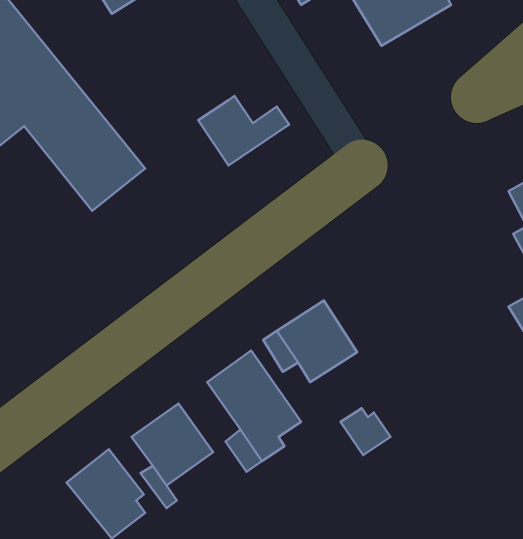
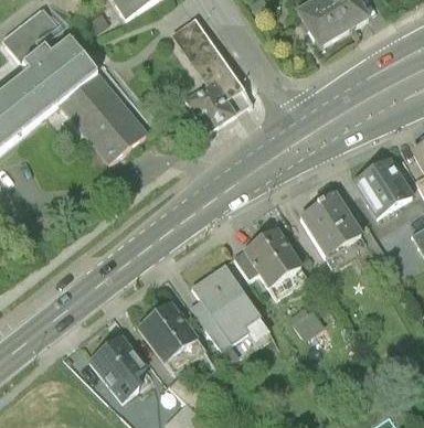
building: none -> [172,15,243,98]
building: none -> [356,158,413,215]
building: none -> [299,191,362,256]

